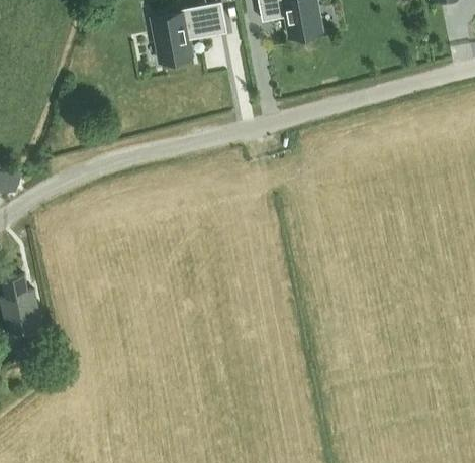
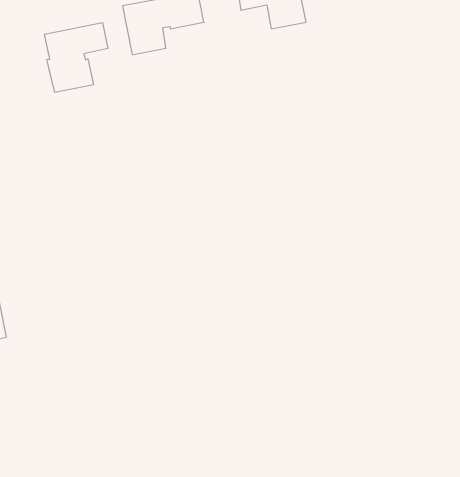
building: none -> [45,23,108,92]

